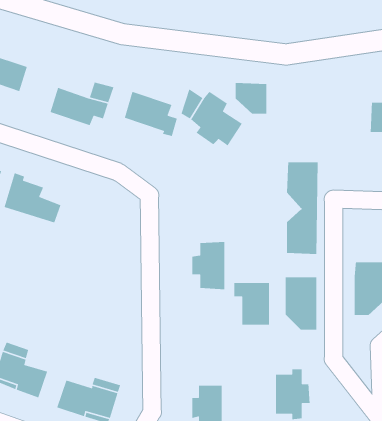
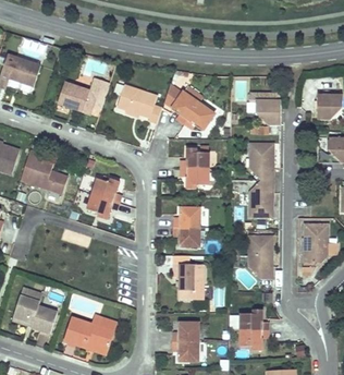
building: [235,82,267,115] -> [255,99,281,125]
building: none -> [181,148,209,189]
building: none -> [87,179,121,220]
building: [233,282,270,326] -> [173,265,202,300]

